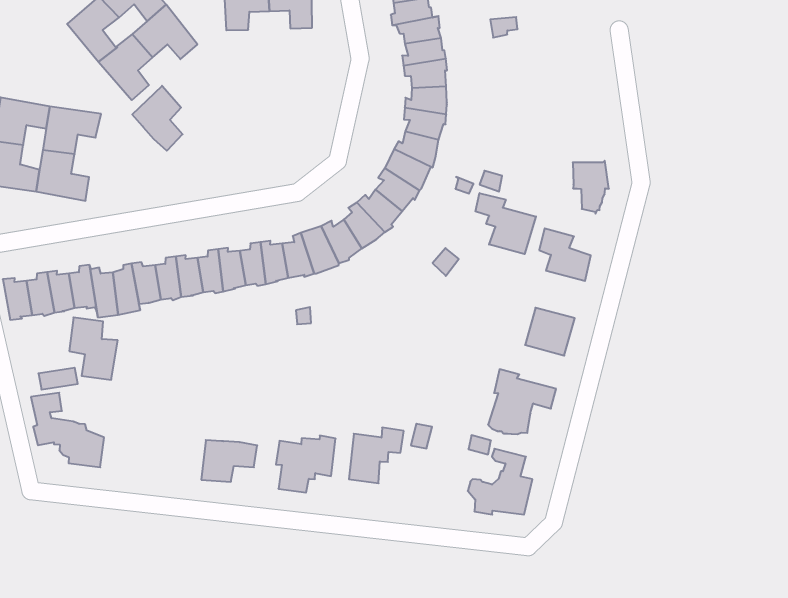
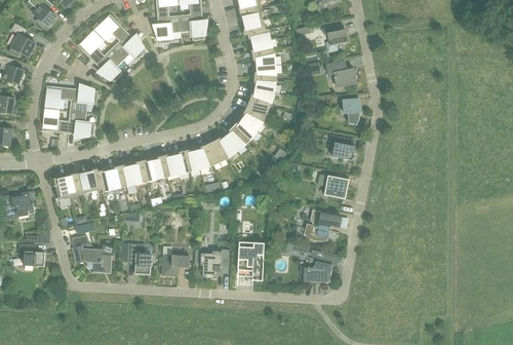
building: none -> [321,24,347,51]
building: [132,86,183,151] -> none
building: none -> [325,61,356,86]
building: [475,193,536,254] -> none
building: [69,317,118,380] -> [126,242,151,273]

